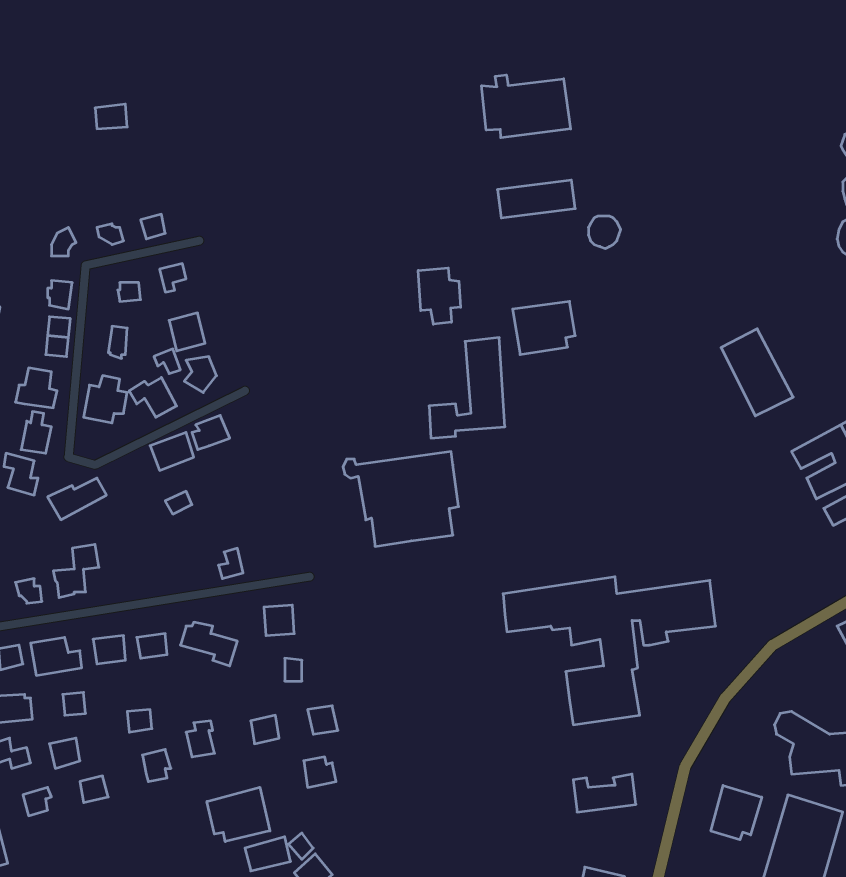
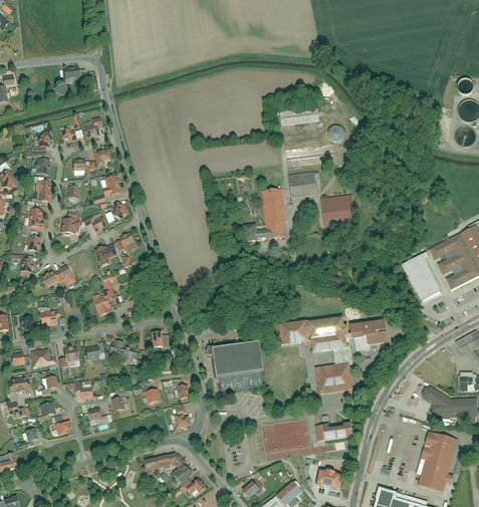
building: [482,75,571,138] -> none
building: [418,268,461,324] -> none
building: [721,329,793,416] -> [404,254,442,300]
building: none -> [318,194,352,226]
building: [343,452,459,546] -> [209,342,270,393]
building: none -> [93,288,122,314]
building: [711,785,762,840] -> none
building: [207,787,270,842] -> none

